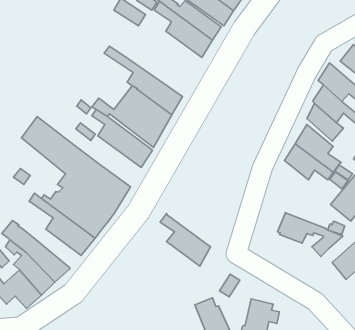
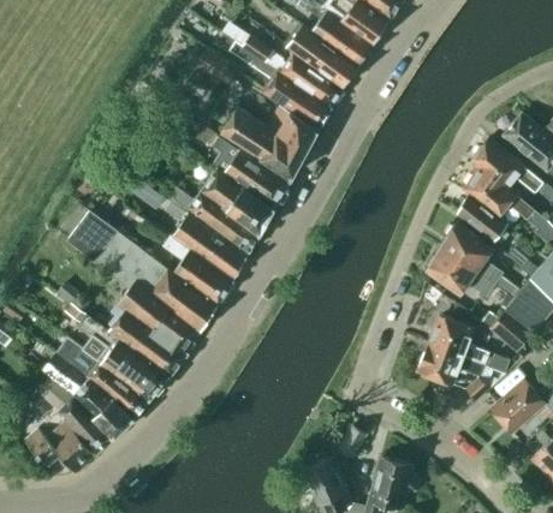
building: none -> [221,106,314,178]
building: none -> [430,315,487,363]
building: [160,213,211,266] -> [162,234,231,306]
building: none -> [63,352,149,417]

